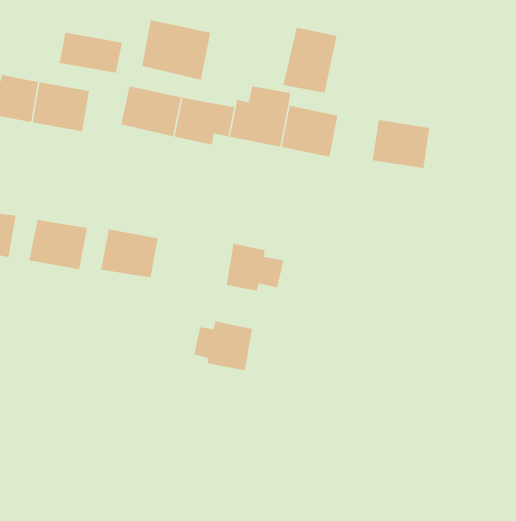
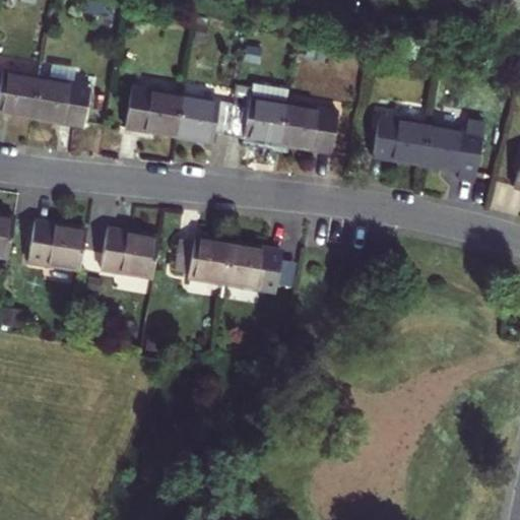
building: [142,19,211,80] -> none
building: [283,27,337,94] -> none
building: [59,32,122,74] -> none
building: none -> [421,126,495,187]
building: [194,321,253,371] -> [173,234,232,283]

